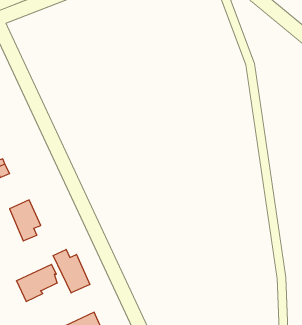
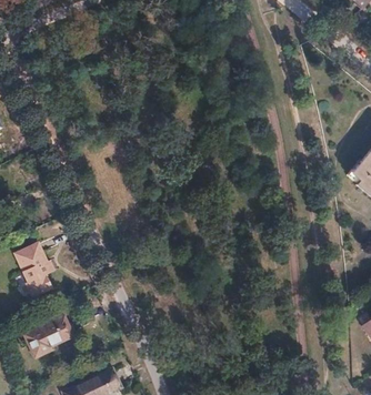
building: [53,249,90,293] -> none

